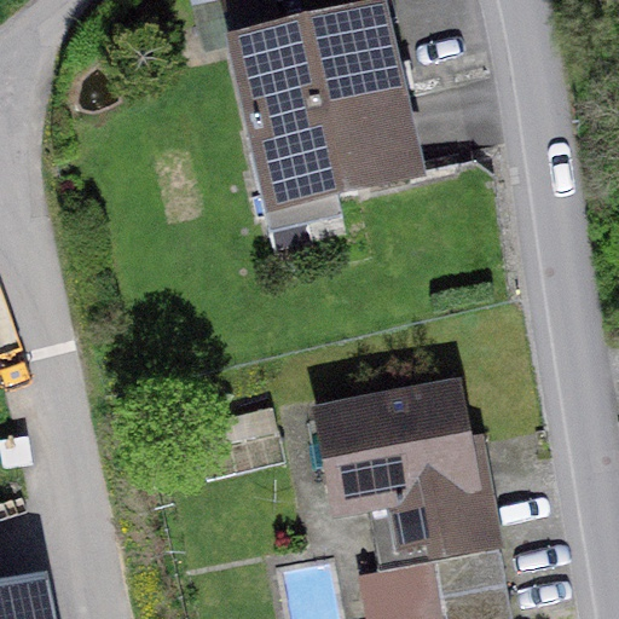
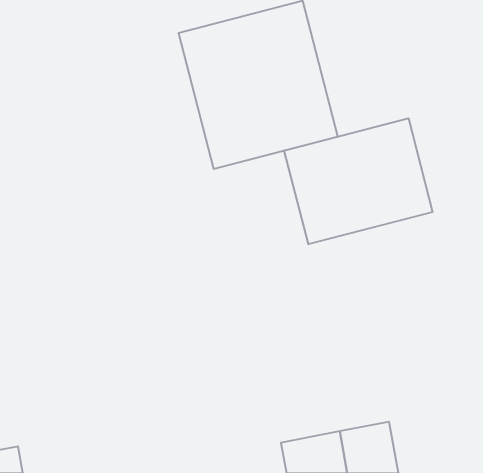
building: none -> [284,118,433,244]
building: [310,377,488,555] -> none

